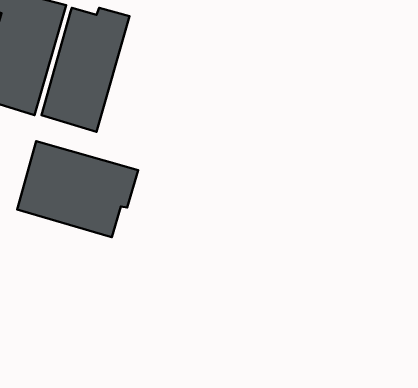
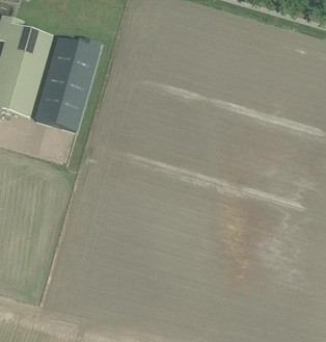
building: [17,141,138,237] -> none

